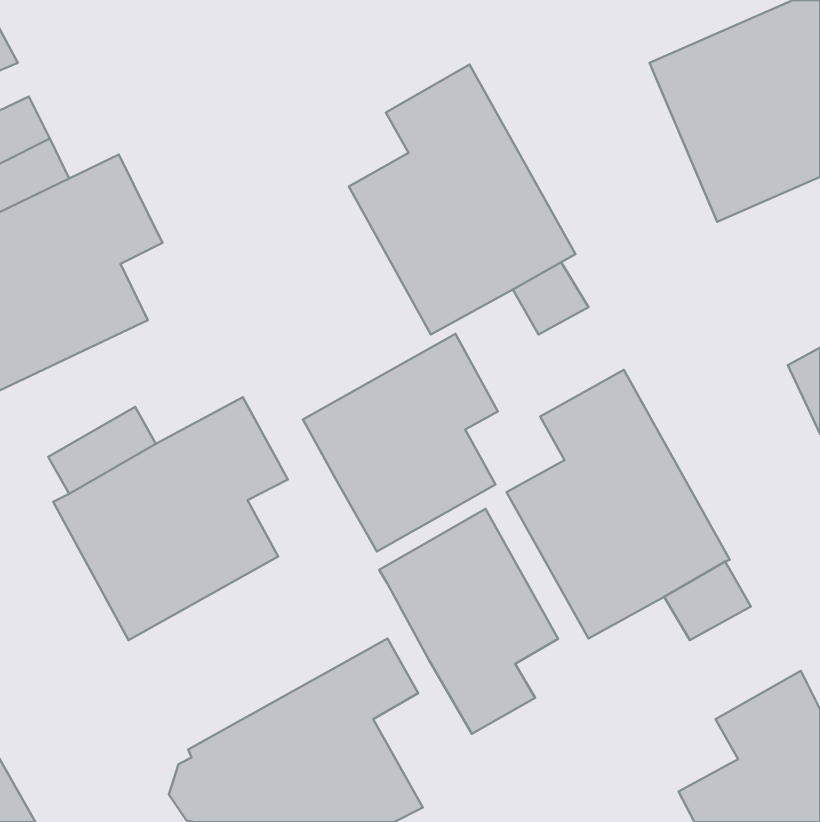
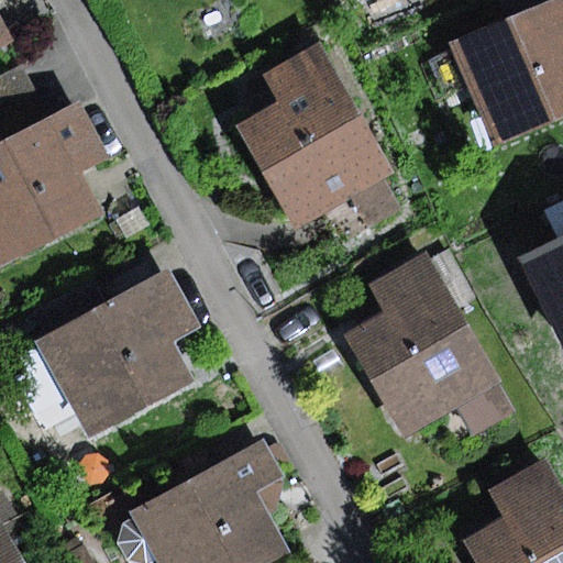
building: [303,334,498,551] -> none
building: [379,509,558,734] -> none

